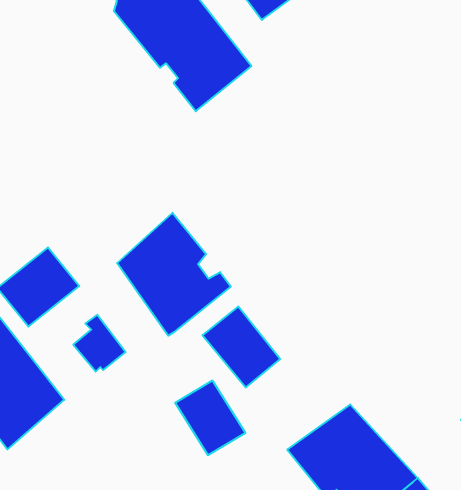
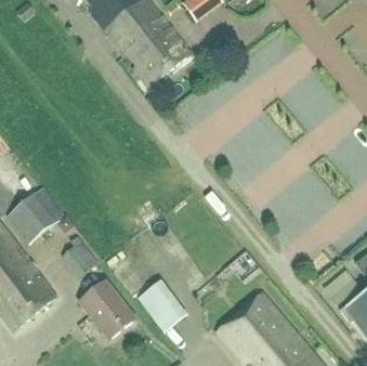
building: [117,213,231,336] -> none
building: [202,307,280,387] -> [78,279,134,338]

